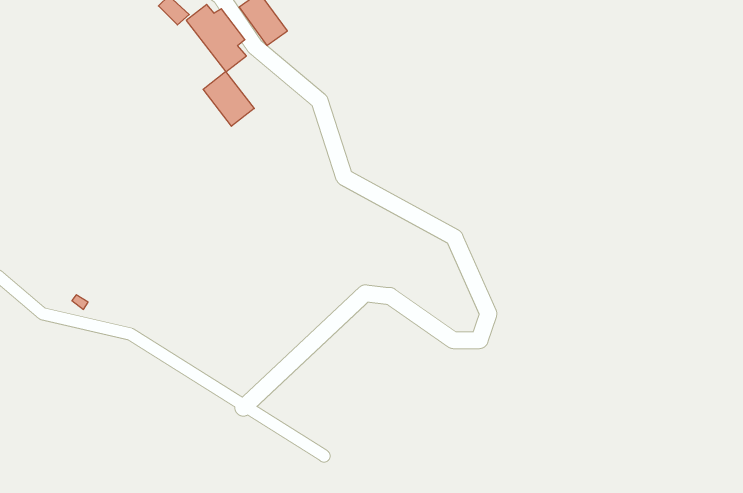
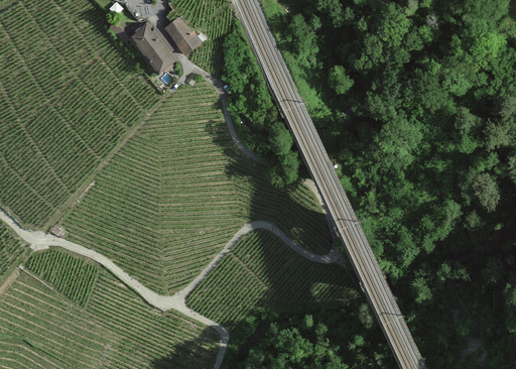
building: [203,72,254,126] -> none

